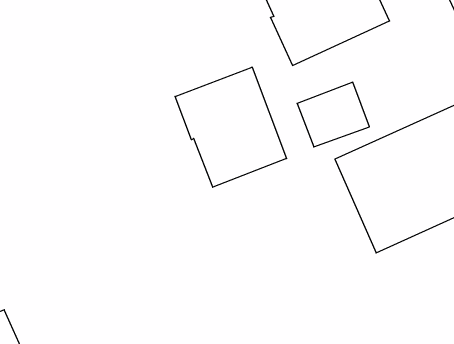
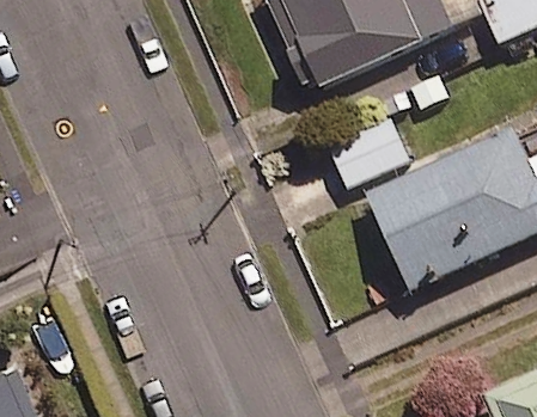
building: [175,67,287,187] -> none

